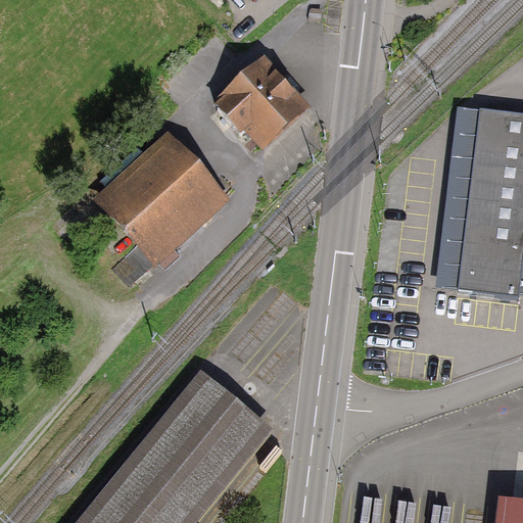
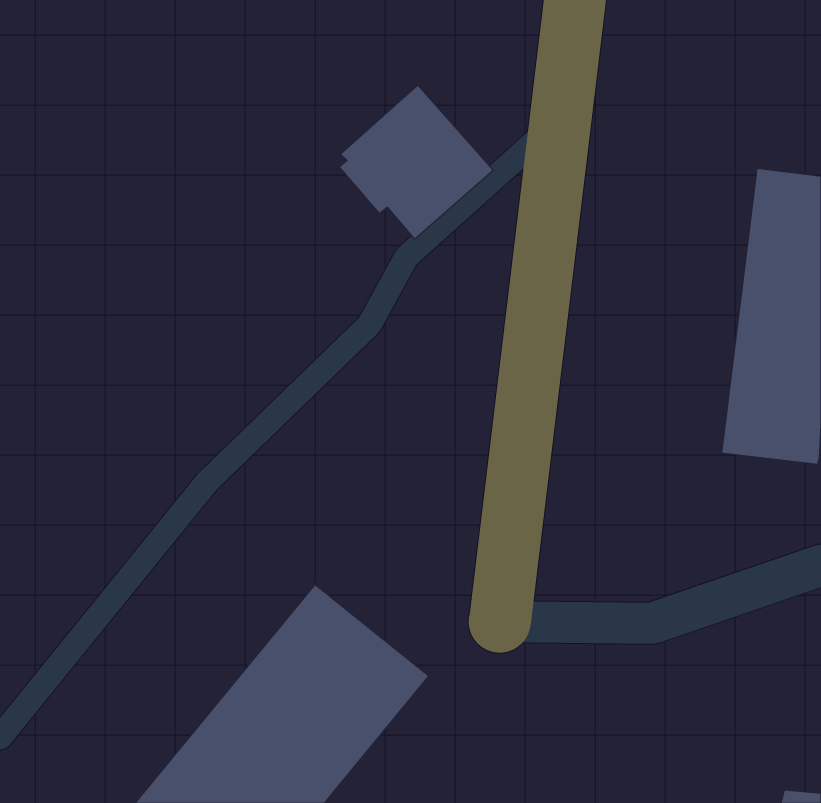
building: [436,105,481,288] -> none
building: [93,131,232,269] -> none

